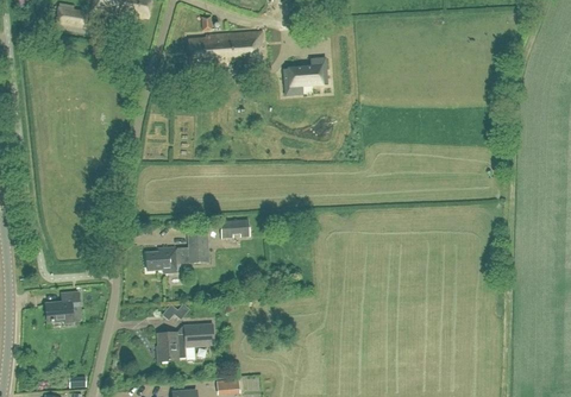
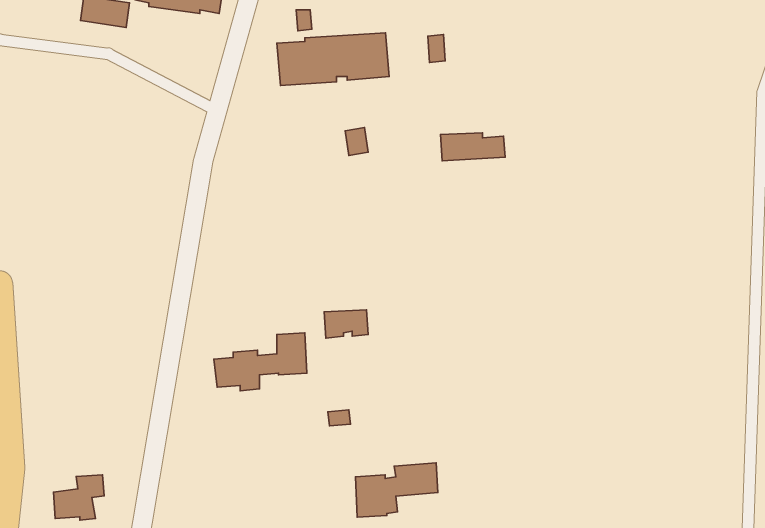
building: [283,67,327,86] -> [440,133,505,161]
building: [45,291,80,322] -> [53,475,104,520]
building: [157,323,213,360] -> [355,463,438,517]

